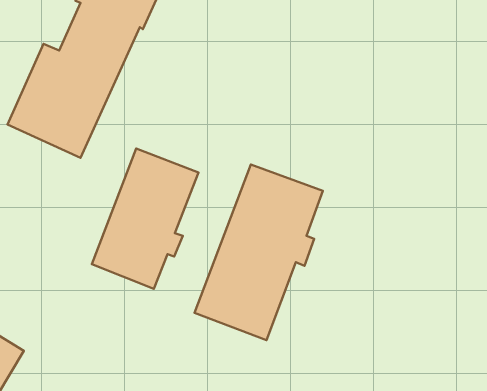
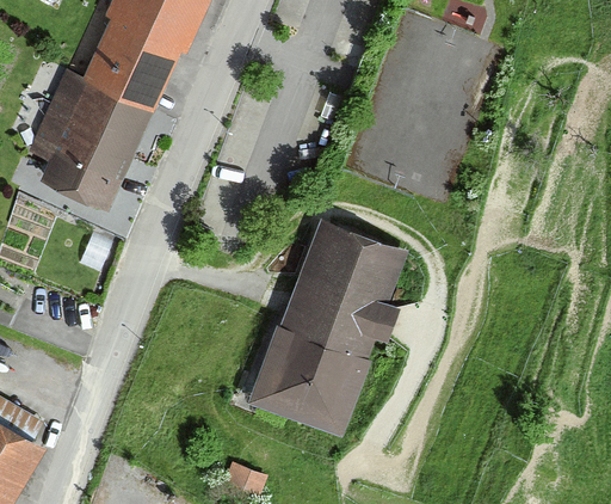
building: [92,148,198,289] -> none

